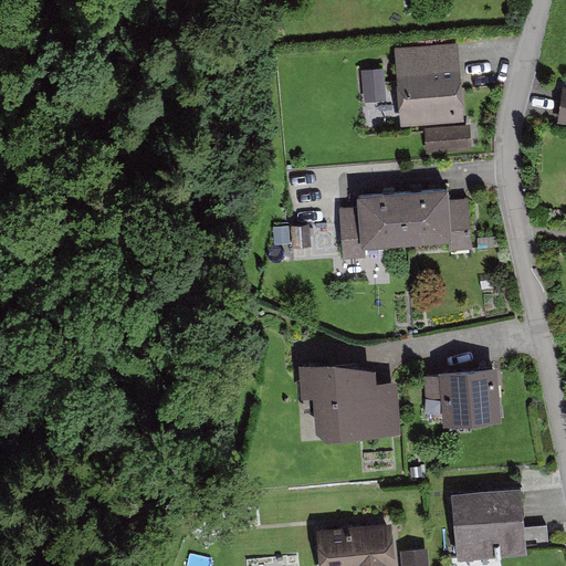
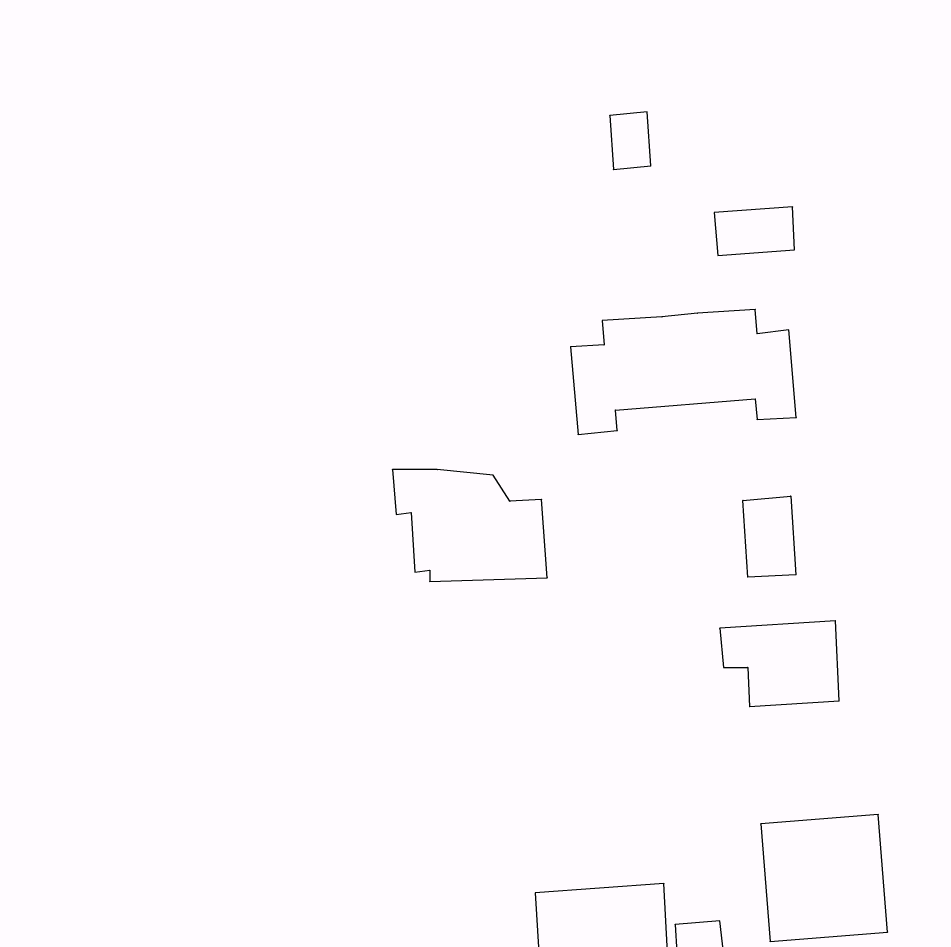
building: [400,52,458,118] -> none
building: none -> [743,496,796,577]
building: [303,370,395,437] -> [392,470,547,581]

